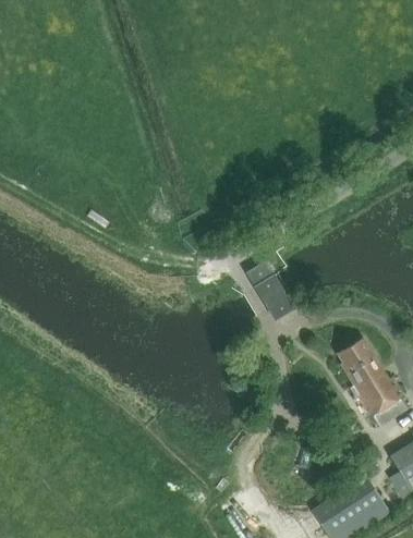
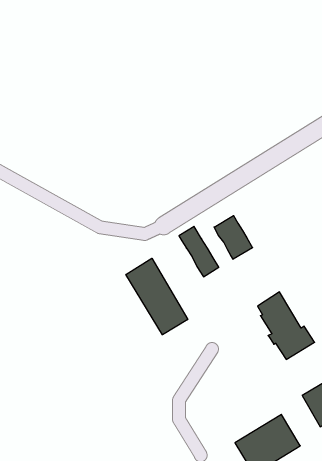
building: none -> [214,216,253,259]
building: none -> [126,258,188,335]

